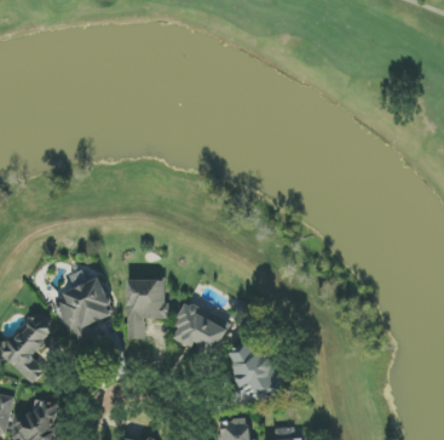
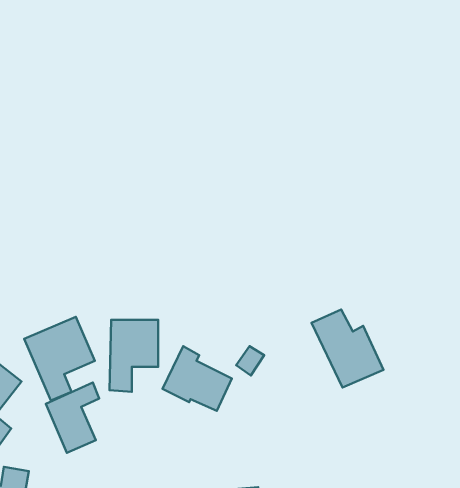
building: none -> [46,383,99,453]
building: [225,341,284,405] -> [312,310,384,387]

